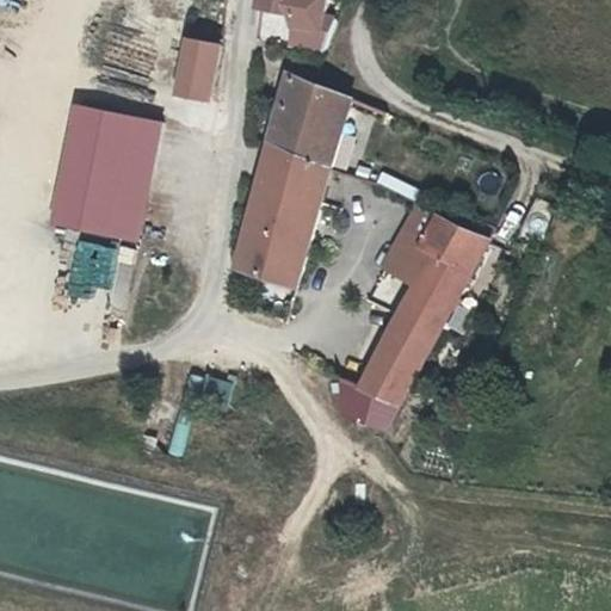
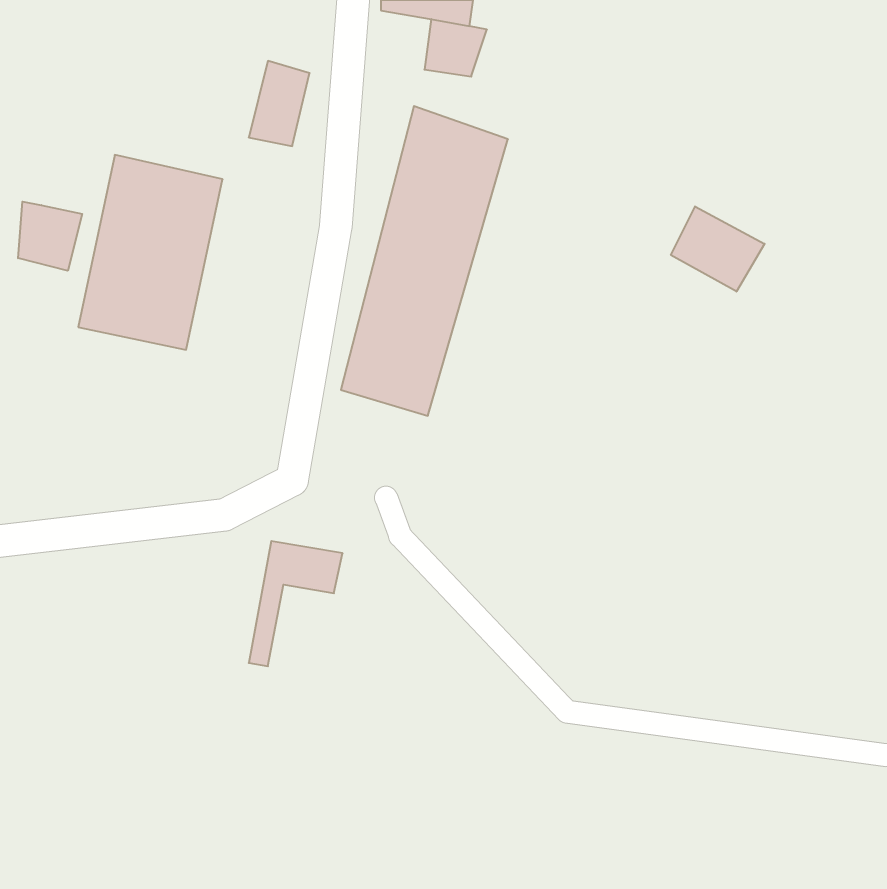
building: none -> [18,202,82,271]
building: none -> [671,206,765,292]
building: [350,200,500,444] -> none

